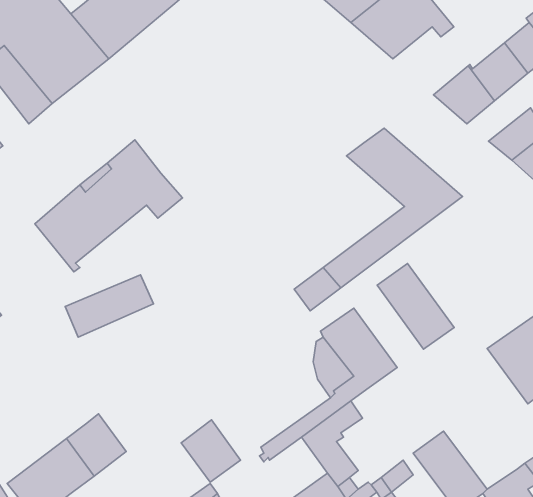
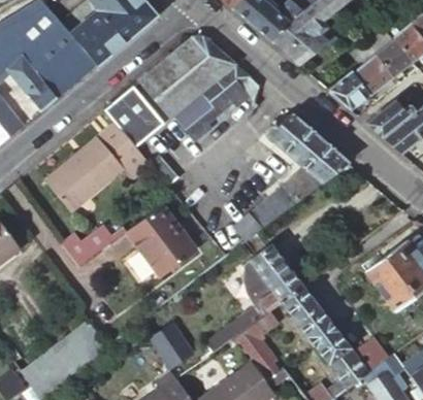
building: none -> [139,37,260,137]
building: none -> [105,88,162,146]
building: none -> [128,204,197,274]
building: [377,264,454,349] -> [281,285,335,345]

